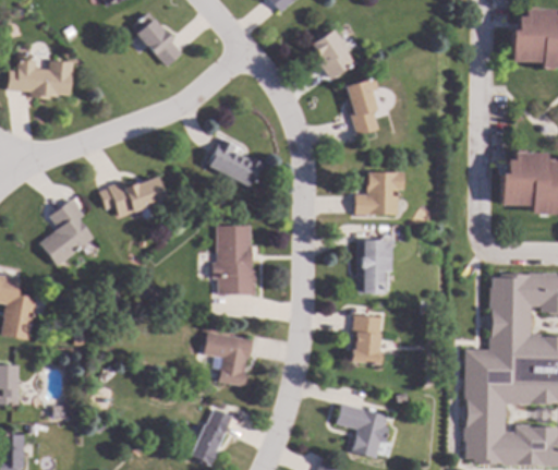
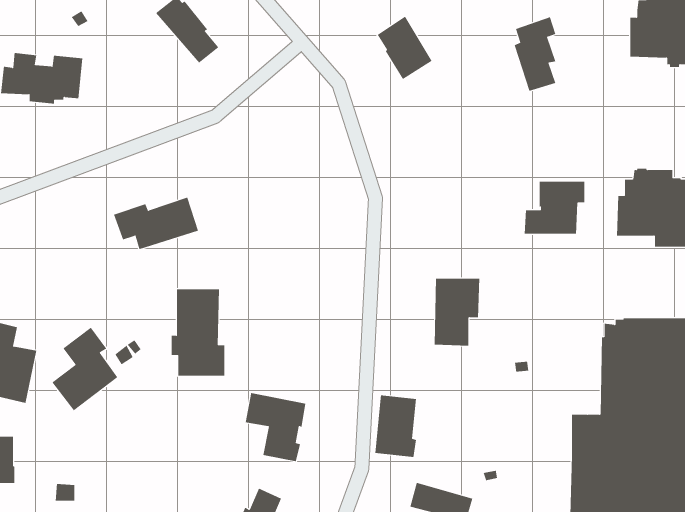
building: [344,76,378,136] -> [514,17,556,91]
building: [208,138,264,189] -> none
building: [354,172,403,215] -> [524,181,585,234]
building: [40,198,94,266] -> [52,327,118,411]
building: [213,226,256,296] -> [171,289,225,376]
building: [349,315,383,365] -> [375,395,417,457]

